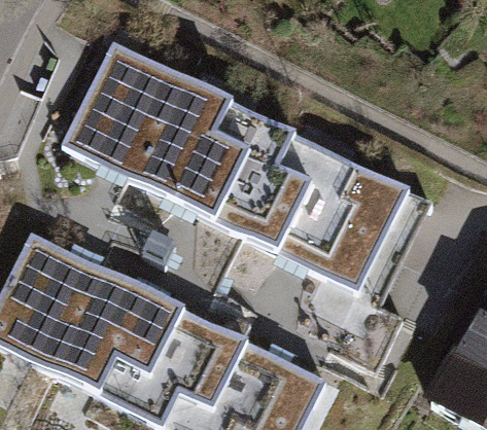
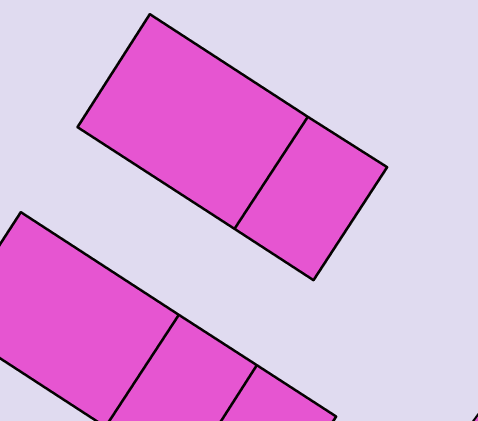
building: [292,160,419,300] -> none

